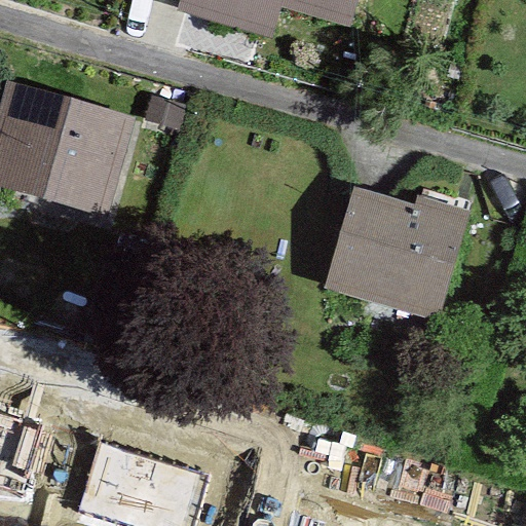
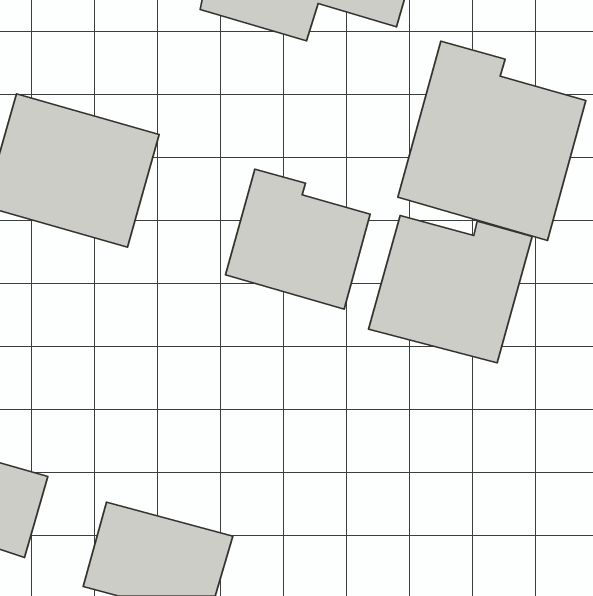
building: none -> [398,41,586,241]
building: none -> [226,169,370,309]

